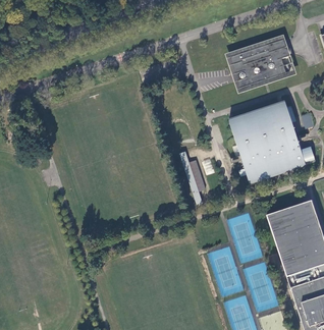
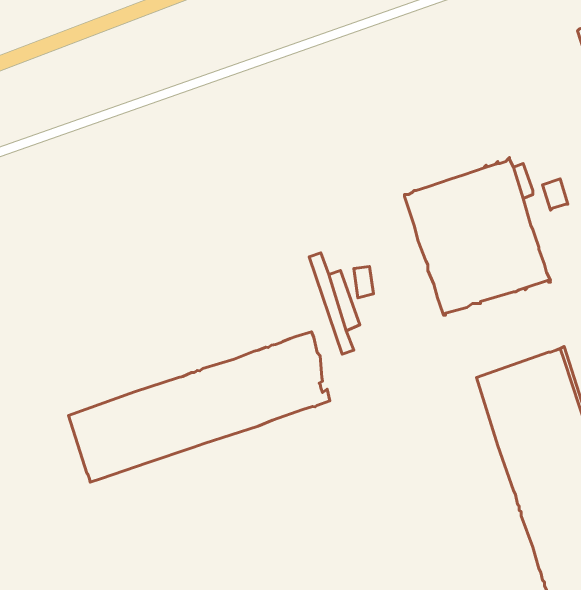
building: [224,34,295,93] -> none
building: none -> [69,332,330,482]

